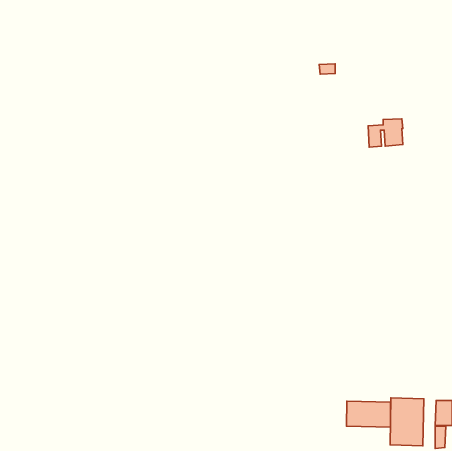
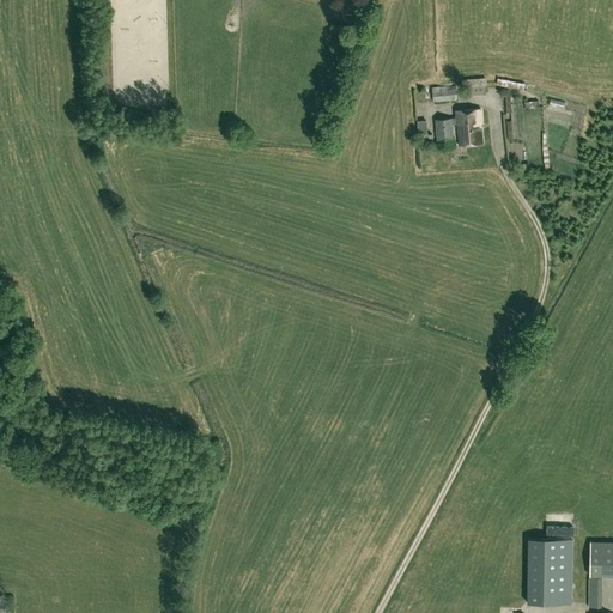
building: [368,119,403,147] -> [436,109,482,147]
building: [347,401,391,427] -> none

